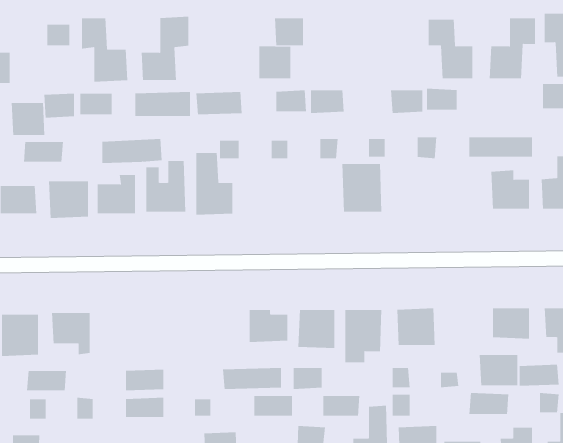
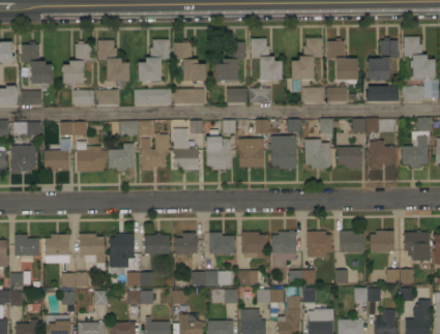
building: none -> [250,38,282,81]
building: none -> [291,38,321,80]
building: none -> [174,43,205,82]
building: none -> [366,86,398,101]
building: [11,102,45,135] -> [61,62,84,84]
building: none -> [205,136,231,170]
building: none -> [237,139,263,168]
building: none -> [303,141,329,168]
building: none -> [336,147,361,169]
building: none -> [109,234,134,268]
building: none -> [144,235,169,254]
building: none -> [174,235,196,254]
building: [479,354,518,386] -> [338,232,363,252]

